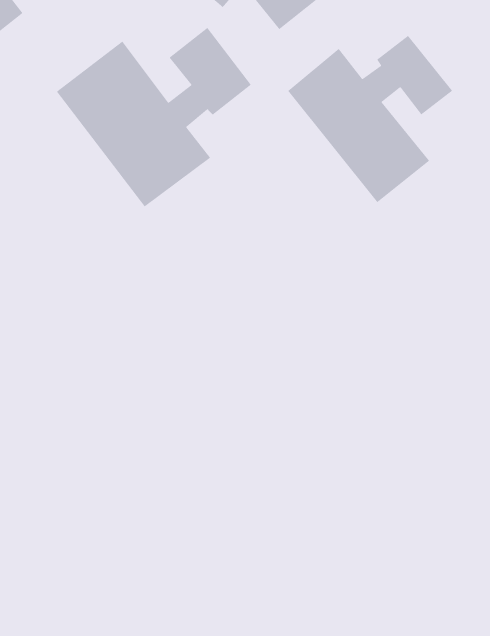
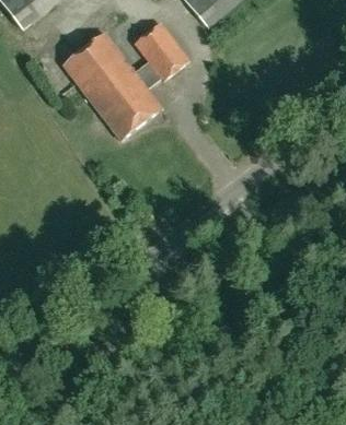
building: [287,35,453,203] -> none

